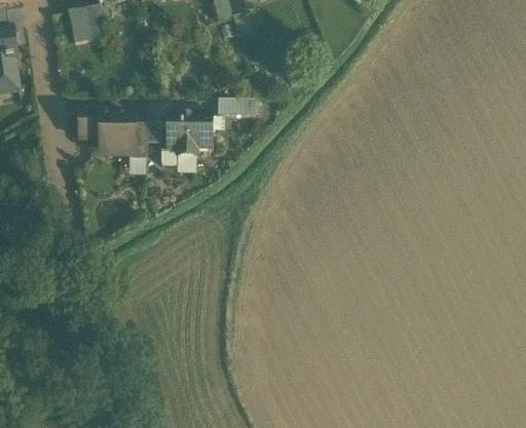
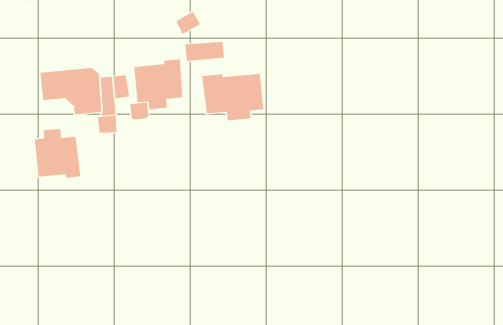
building: none -> [201,73,264,121]
building: none -> [34,128,81,178]

